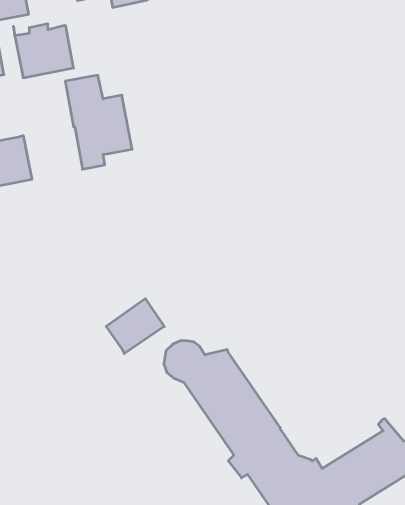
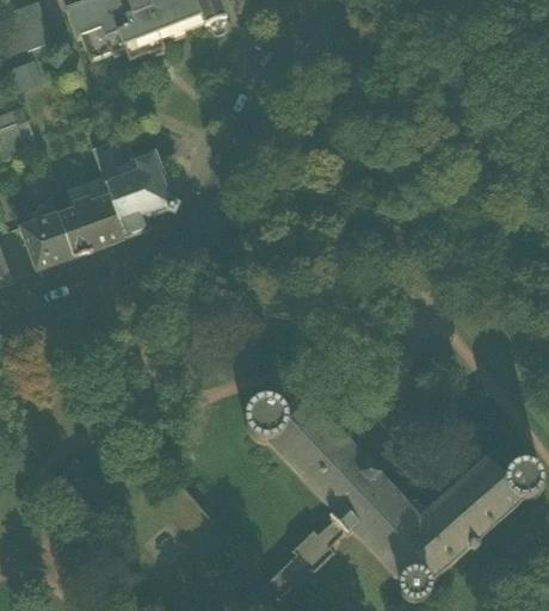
building: [13,24,74,78] -> [55,191,125,253]
building: [106,299,164,354] -> none

